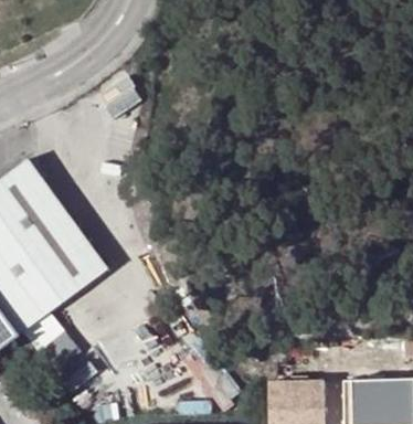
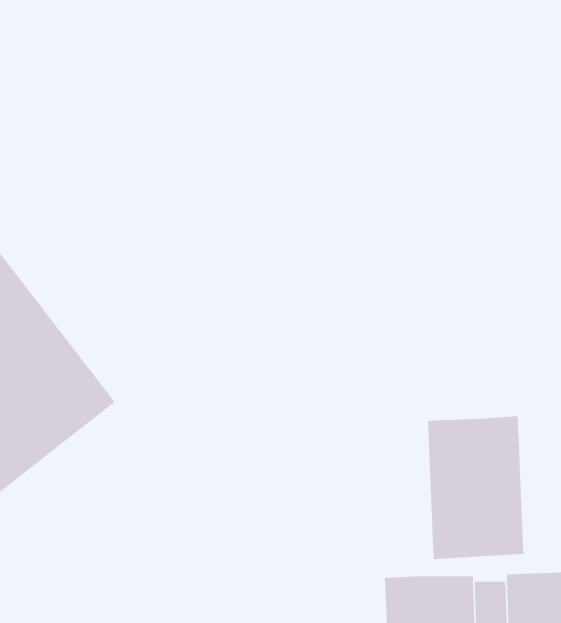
building: none -> [427,415,524,560]

